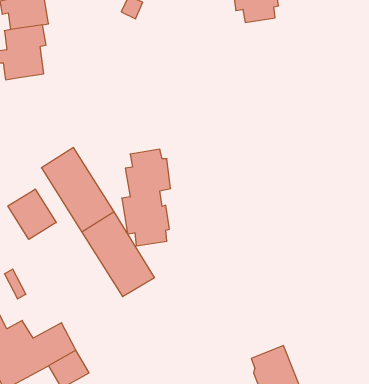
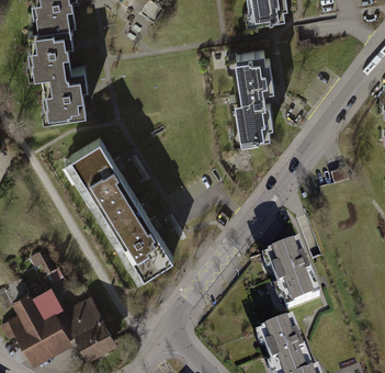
building: none -> [42,68,87,118]
building: [122,149,171,246] -> [228,52,273,140]
building: [8,189,56,239] -> none
building: none -> [269,244,319,309]

